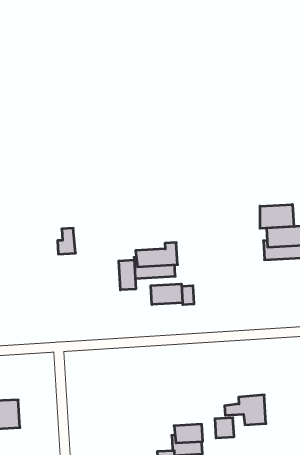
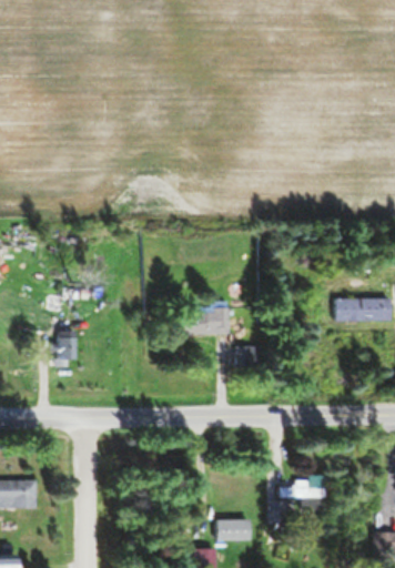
building: [260,204,294,228] -> none
building: [58,228,76,254] -> [57,325,77,354]
building: [119,260,136,290] -> none
building: [151,284,183,305] -> none

